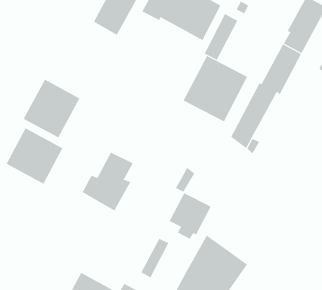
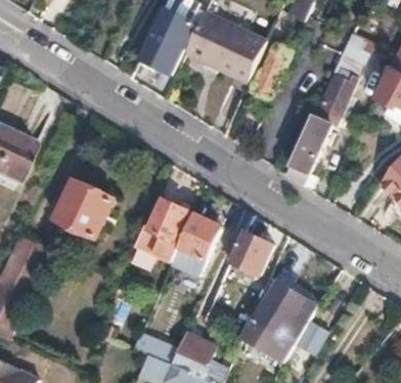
building: [183,55,248,122] -> none
building: [23,79,80,138] -> none
building: none -> [172,214,221,272]

